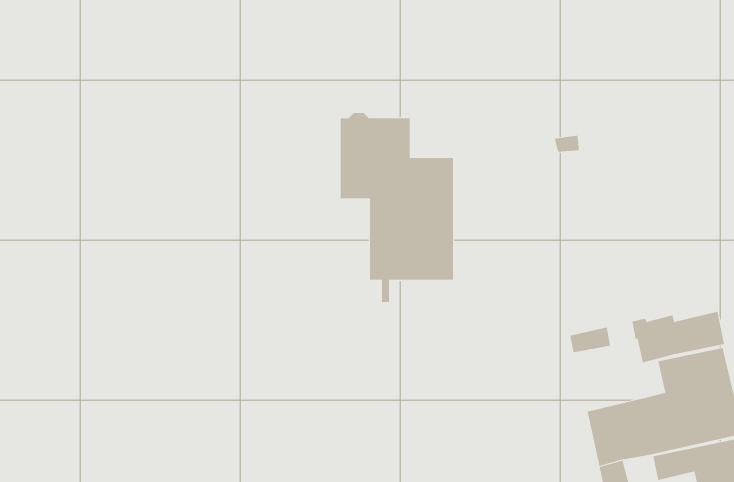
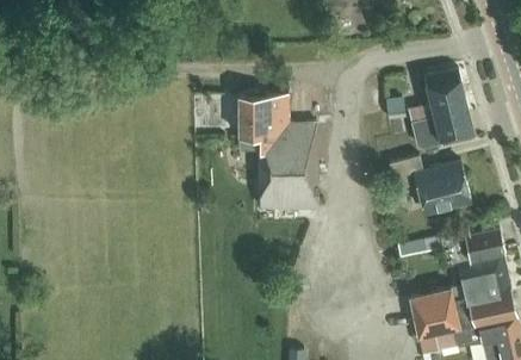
building: none -> [408,70,475,151]
building: none -> [389,157,471,213]

